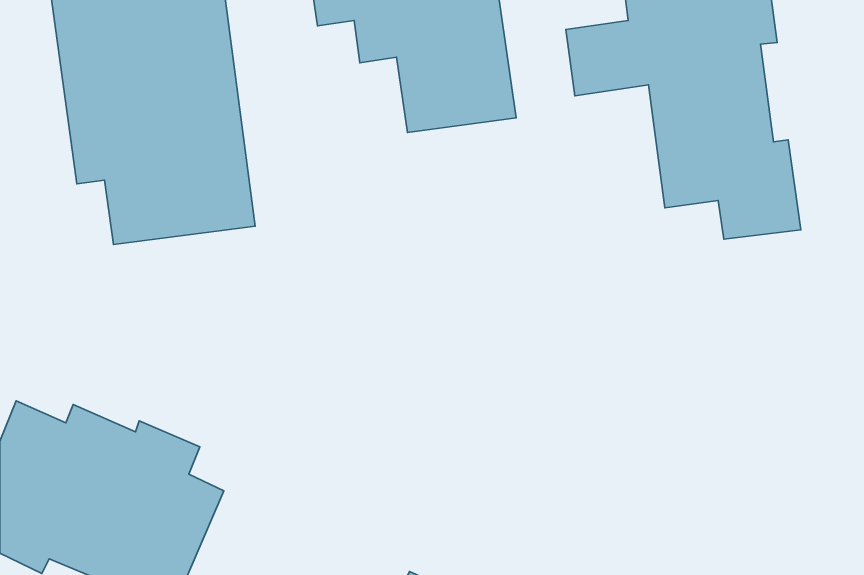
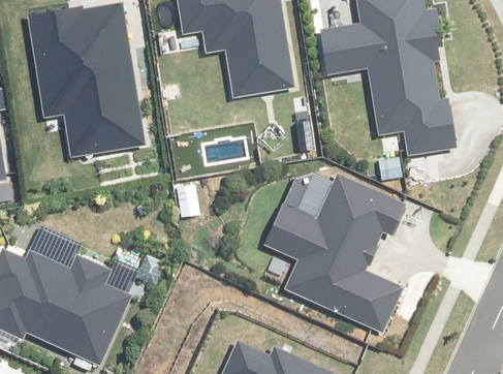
building: none -> [266,175,399,328]

